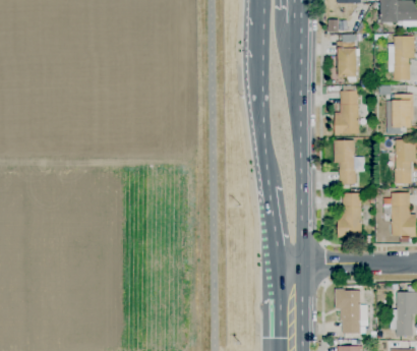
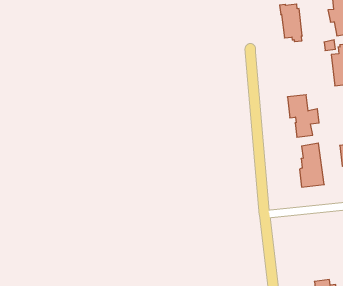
building: [335,85,358,136] -> none
building: [335,289,360,334] -> none

